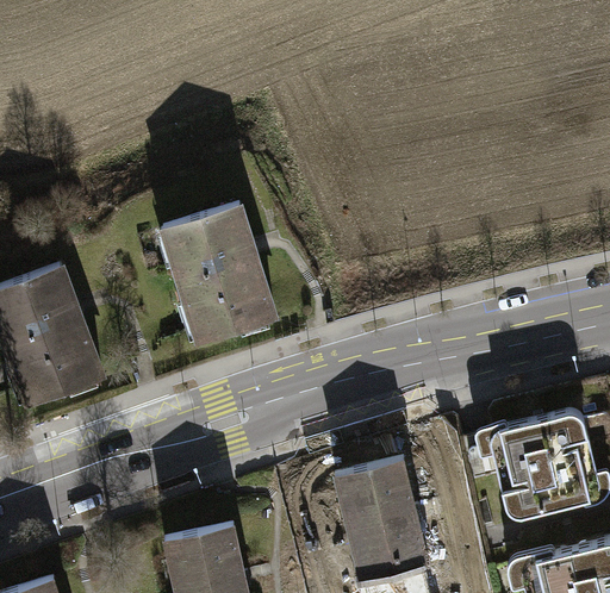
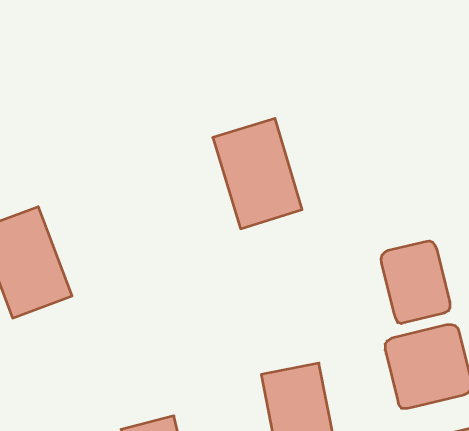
building: [163,208,274,345] -> [213,118,302,229]
building: none -> [381,241,450,324]

